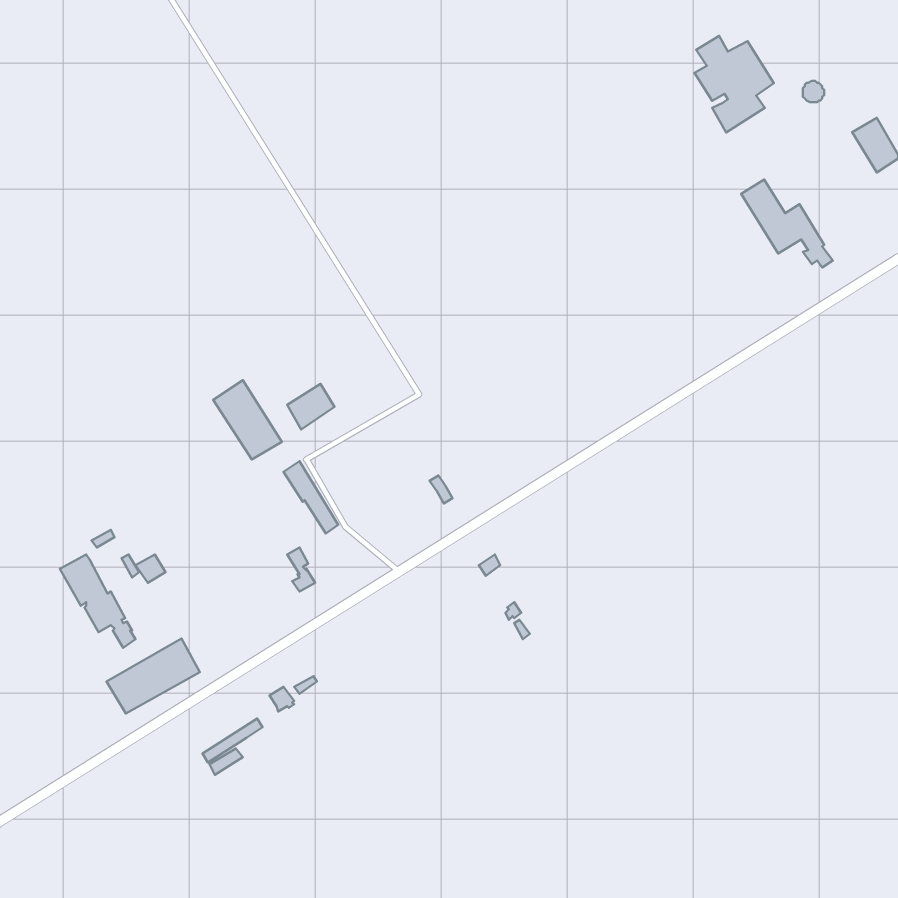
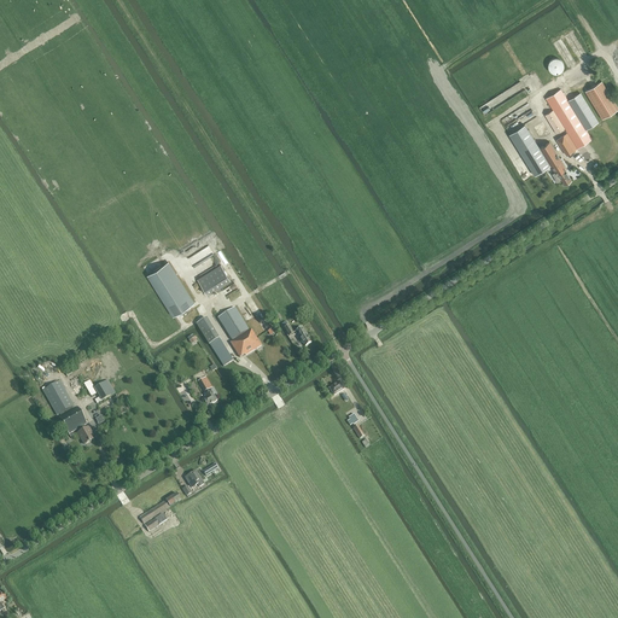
building: [695,36,774,133] -> [543,88,597,154]
building: none -> [216,307,261,356]
building: [106,639,200,713] -> none

